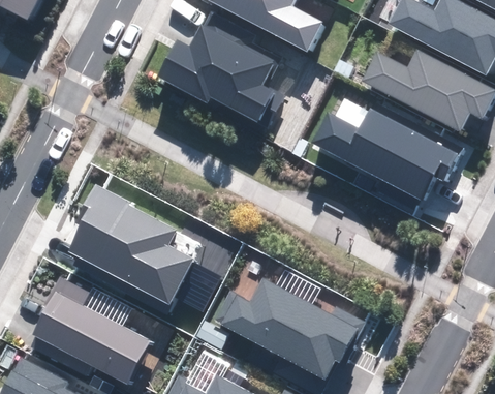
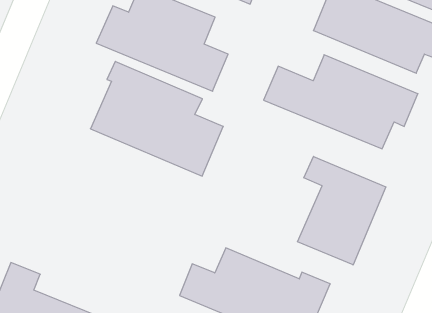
building: [67,188,193,304] -> [90,61,223,176]
building: none -> [298,156,386,265]

